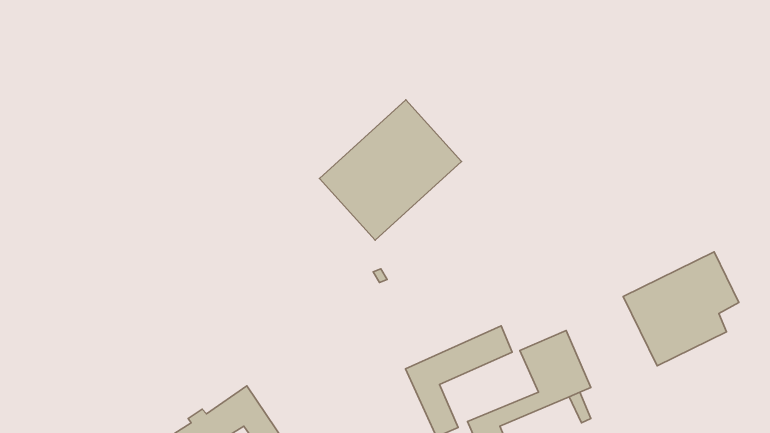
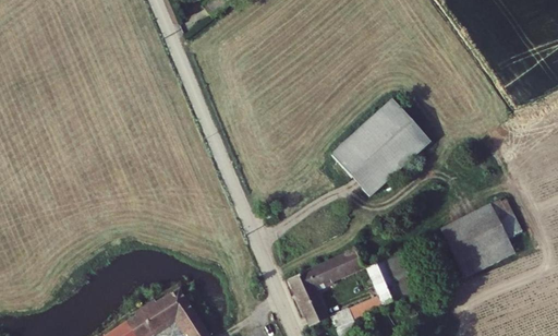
building: [320,100,461,240] -> [331,97,432,196]

